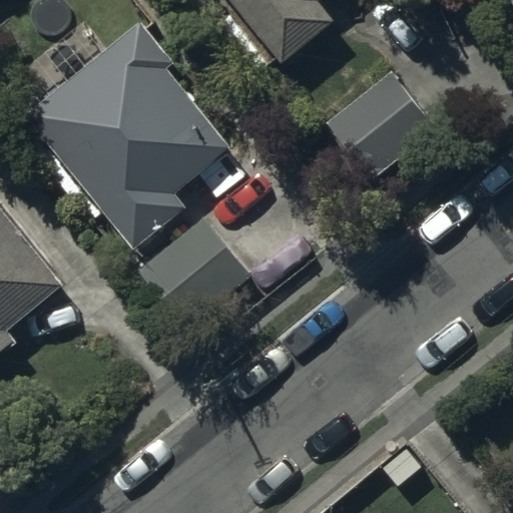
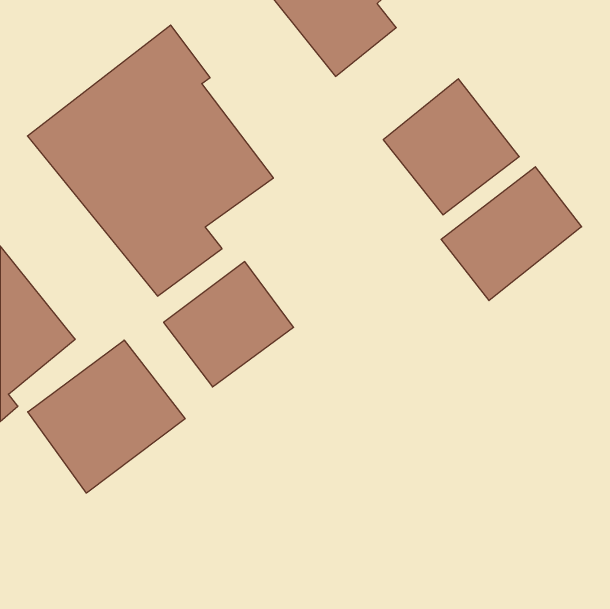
building: none -> [441,167,582,301]
building: none -> [28,340,185,493]

